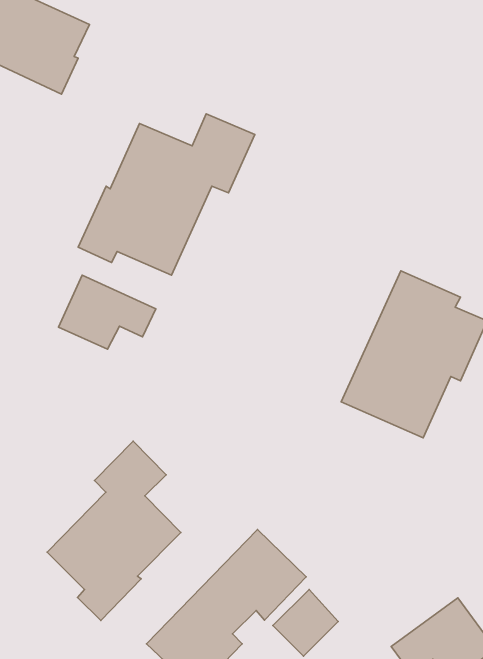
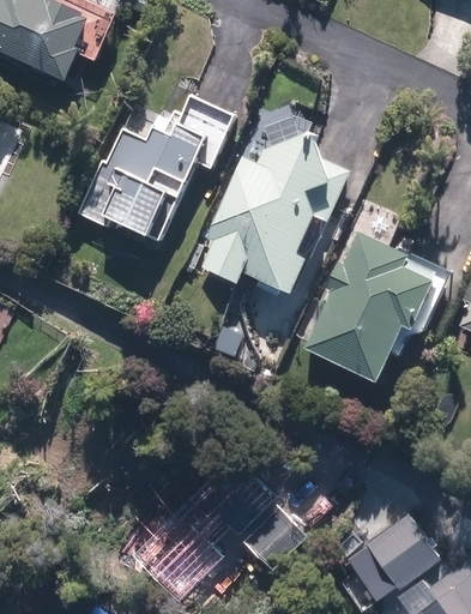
building: none -> [201,134,348,296]
building: [58,275,156,349] -> none
building: [47,441,181,620] -> none

